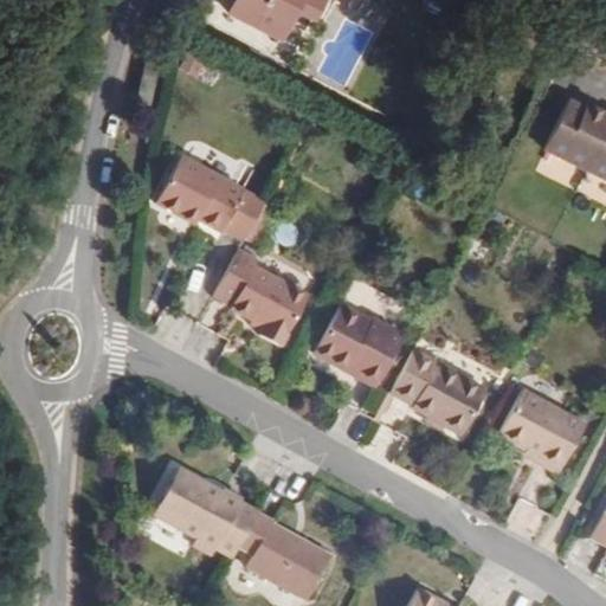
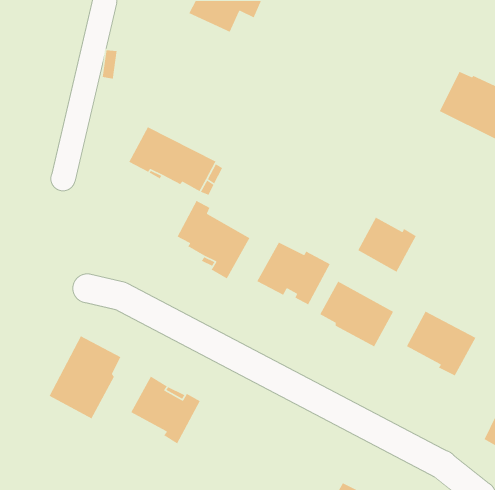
building: none -> [357,217,417,273]
building: none -> [48,335,122,419]
building: [243,505,335,593] -> none

